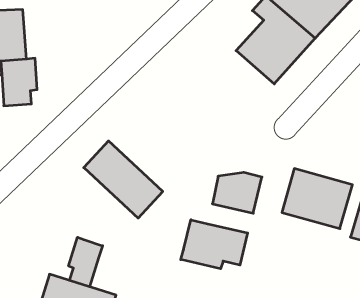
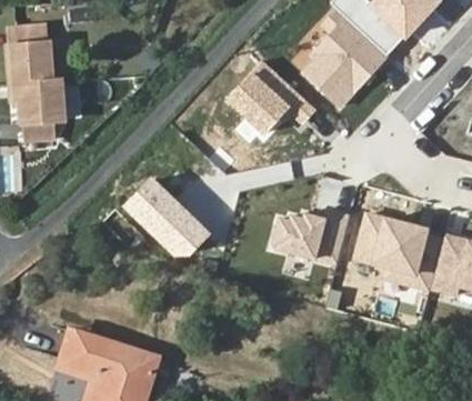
building: none -> [225,61,317,136]
building: [181,220,248,269] -> none
building: [69,237,103,287] -> none

